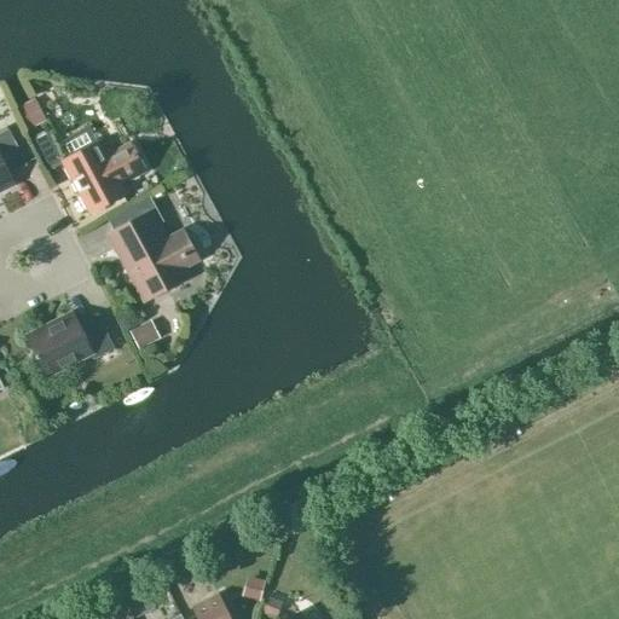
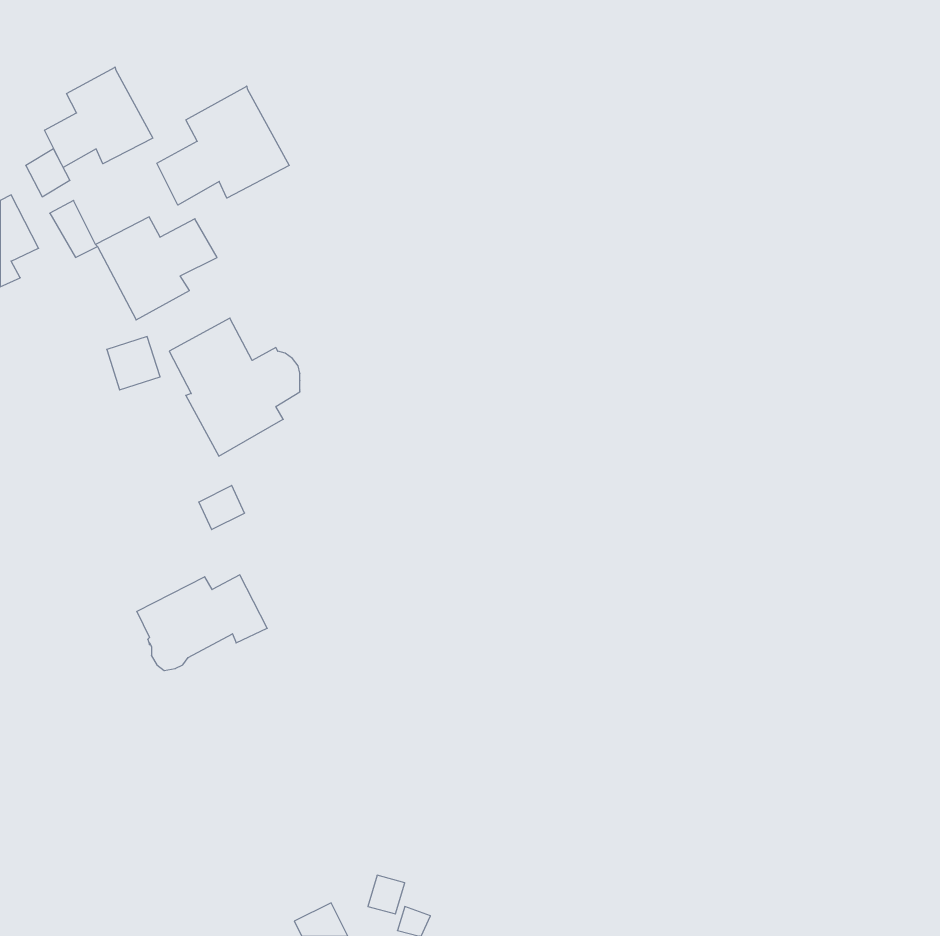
building: none -> [45,67,153,168]
building: none -> [157,86,289,205]
building: [28,312,114,375] -> [137,575,267,671]

